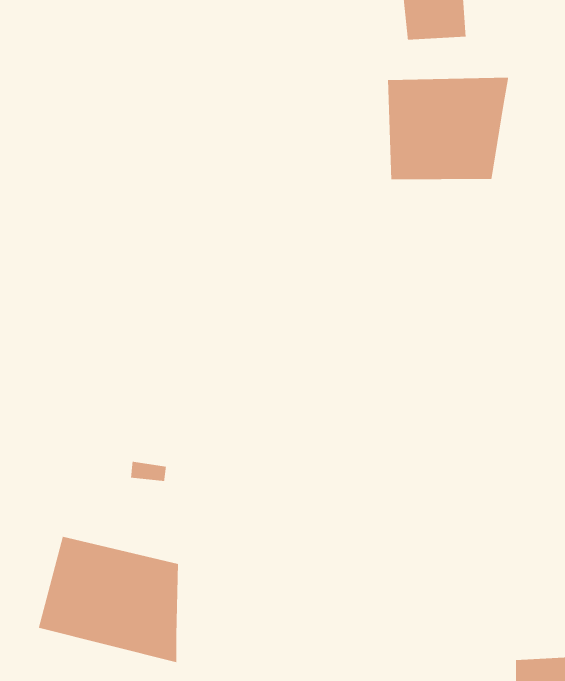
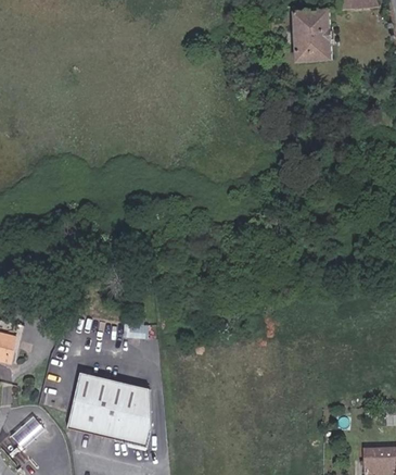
building: [387,77,509,180] -> none

